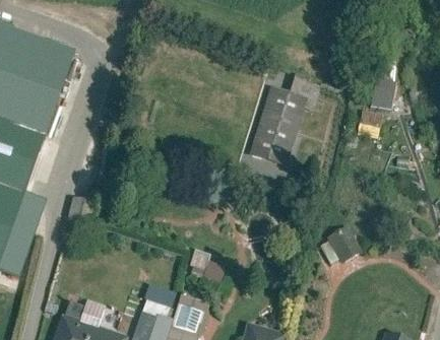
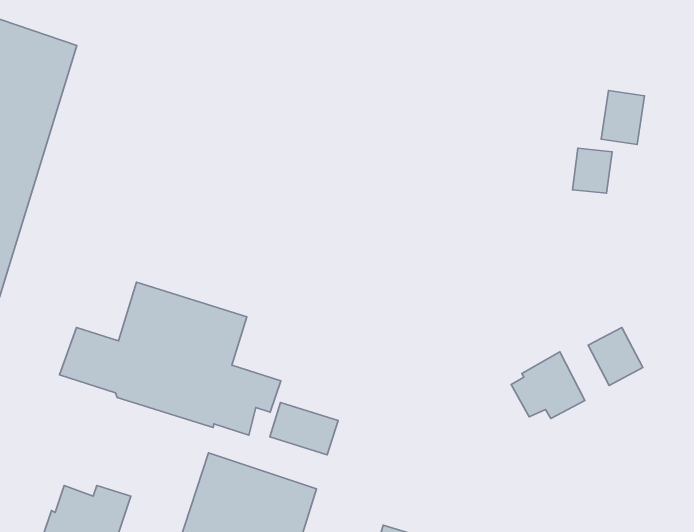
building: [243,84,310,185] -> none
building: none -> [60,282,281,435]
building: none -> [588,328,643,385]

